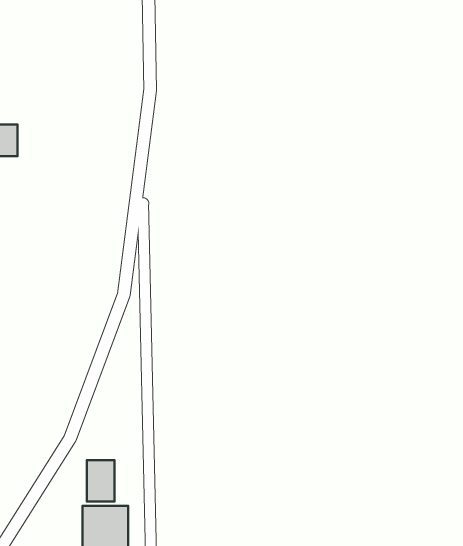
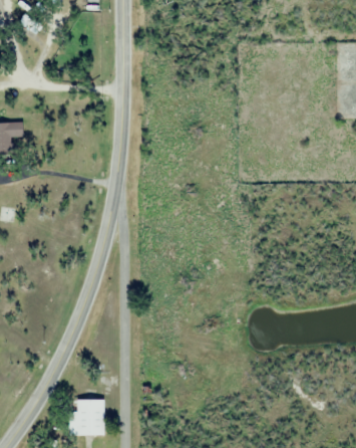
building: [87,460,115,502] -> none

